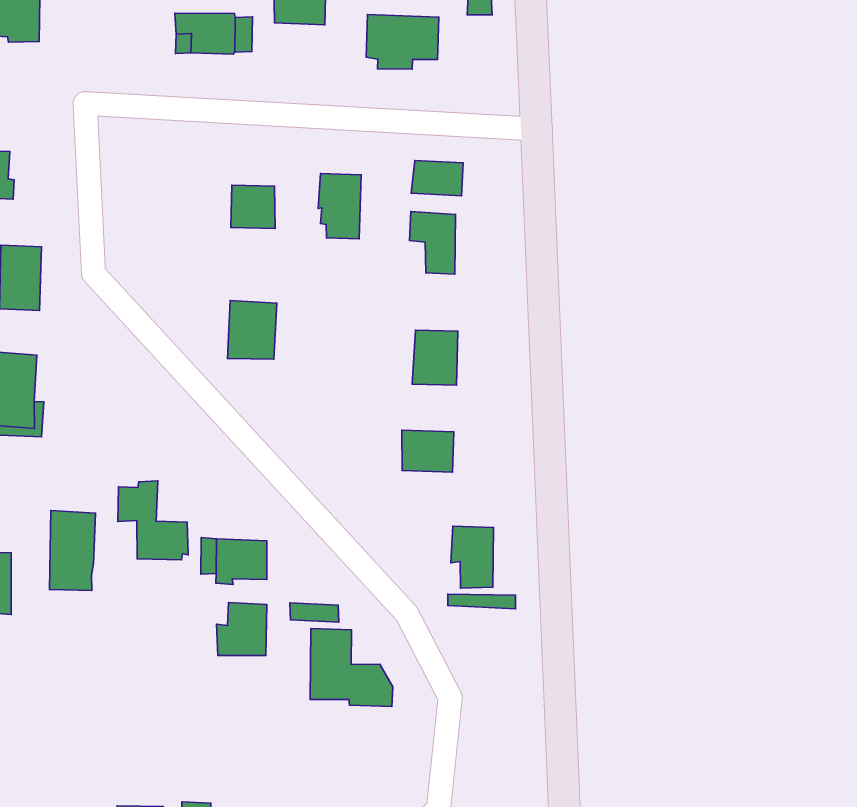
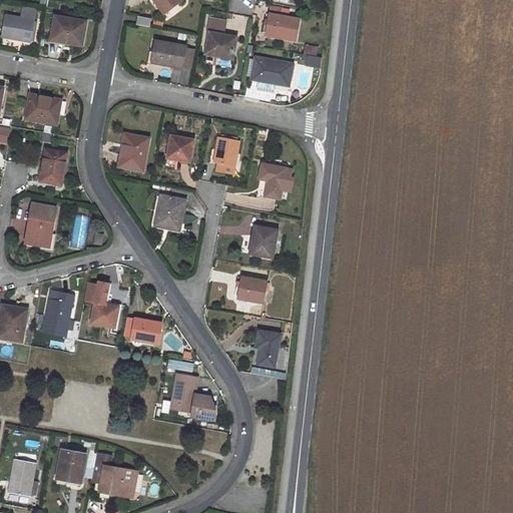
building: [411,160,463,196] -> none
building: none -> [118,133,147,169]
building: [216,603,267,656] -> none

